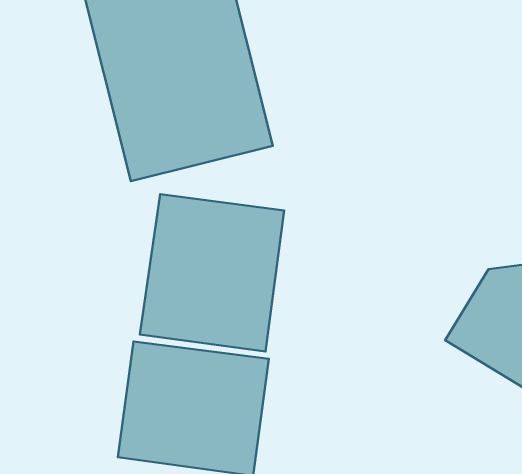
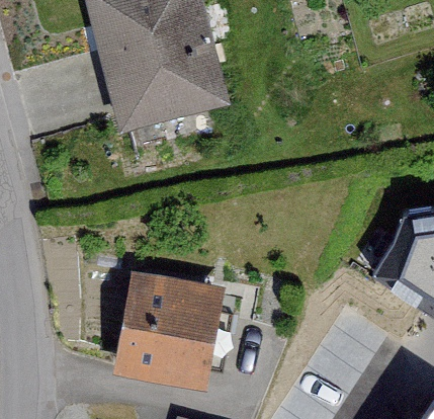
building: [140,194,284,351] -> none

